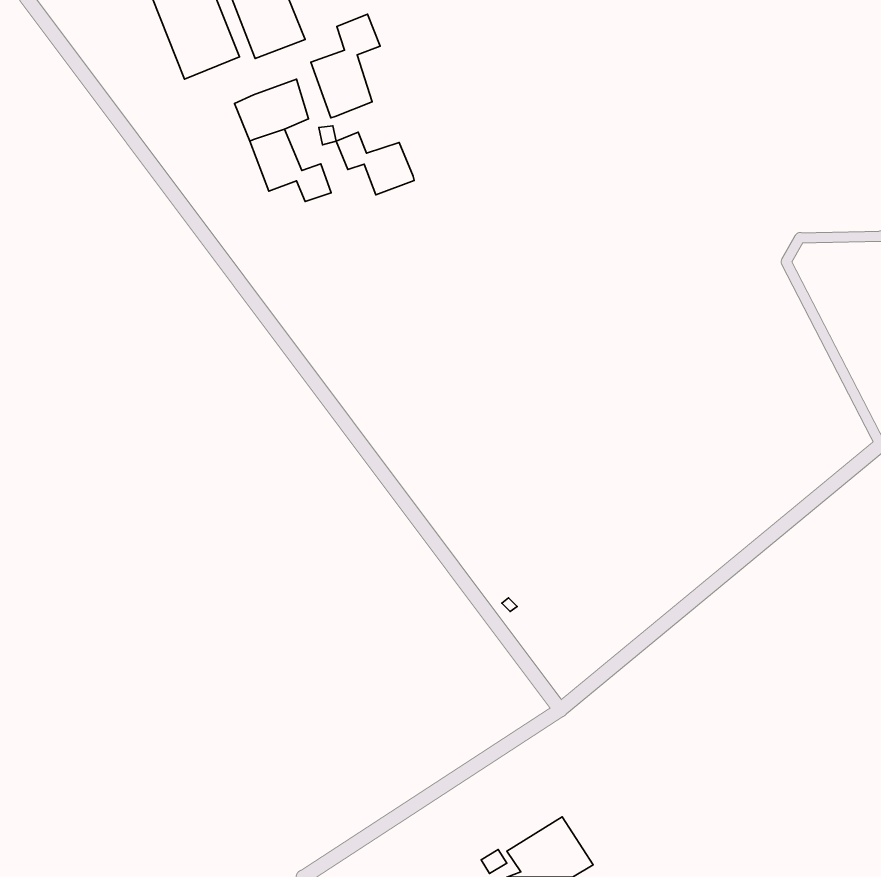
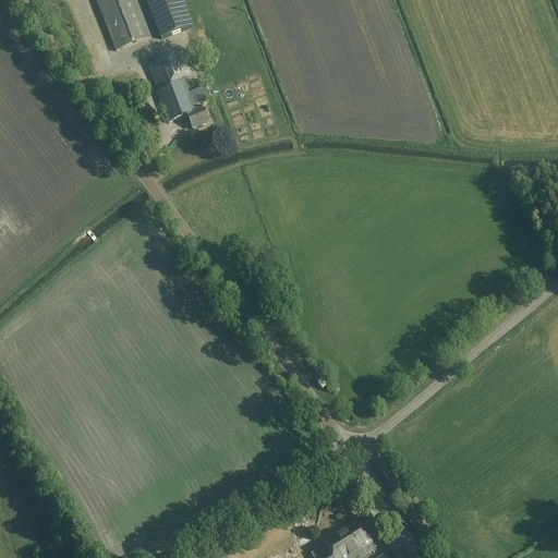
building: [311,14,380,118] -> none
building: [336,132,414,195] -> none

